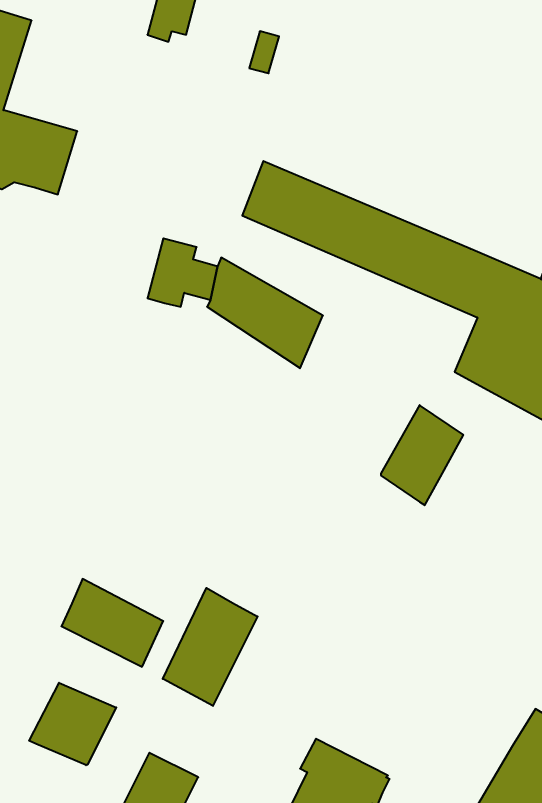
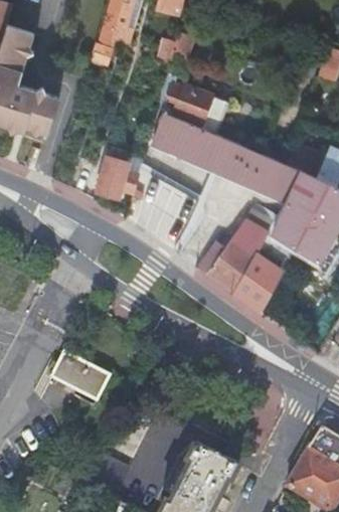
building: none -> [171,84,211,125]
building: none -> [197,219,267,293]
building: [163,588,258,706] -> none
building: [29,683,116,765] -> none

